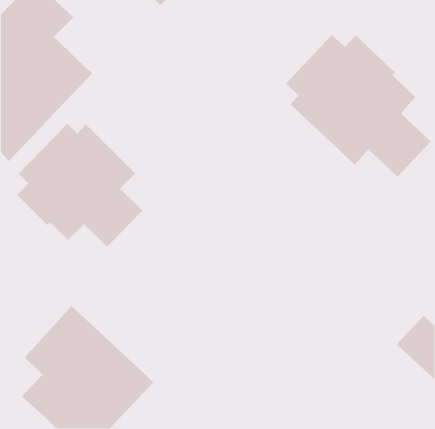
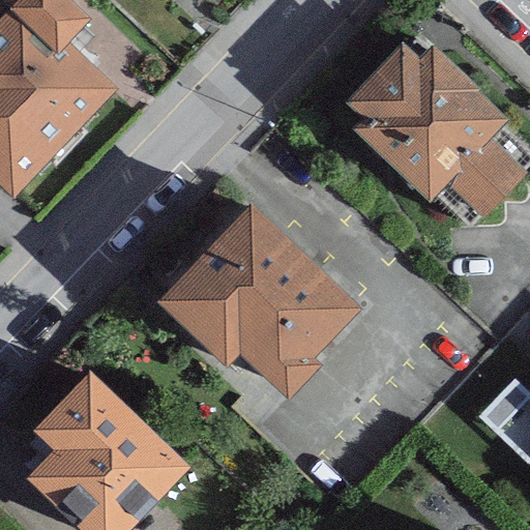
building: [16,123,143,247] -> none
building: none -> [155,204,359,403]

